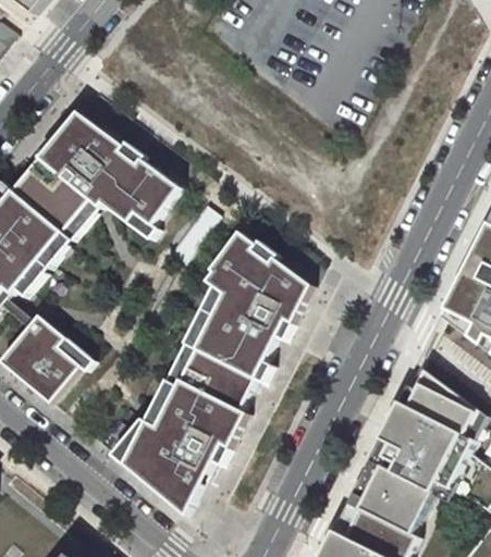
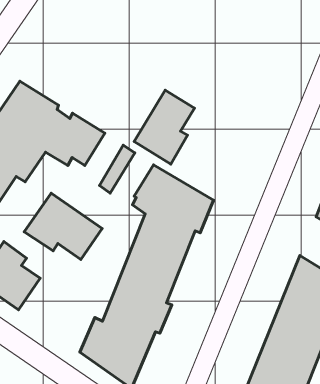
building: none -> [134,90,195,164]
building: none -> [24,193,102,260]

